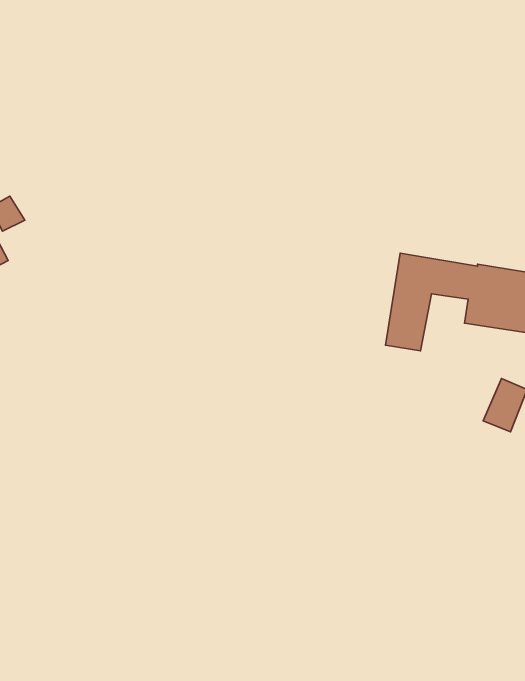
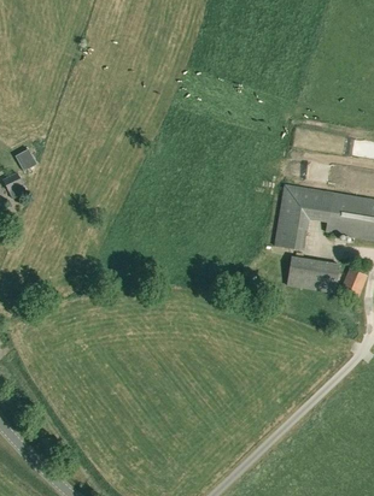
building: none -> [287,256,339,293]

